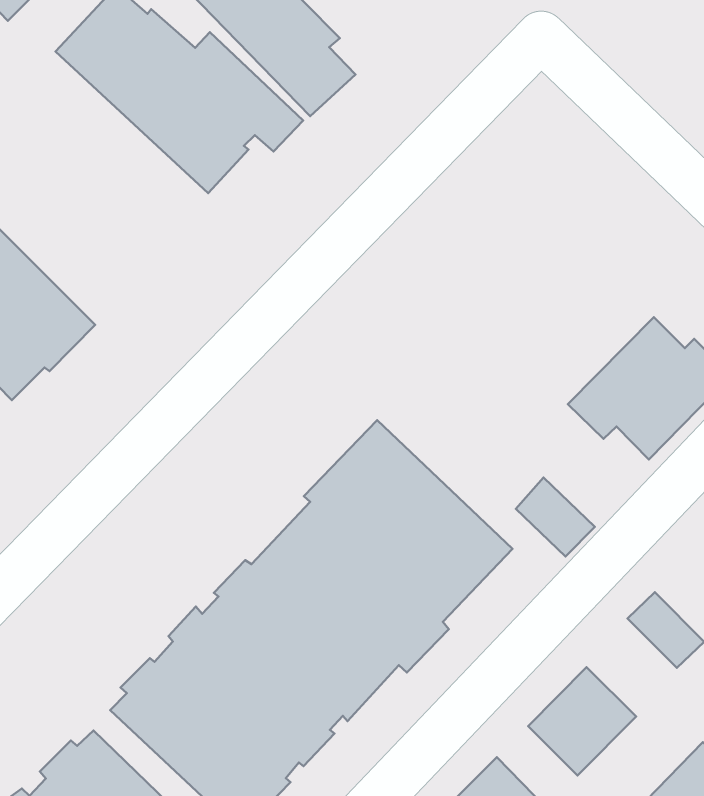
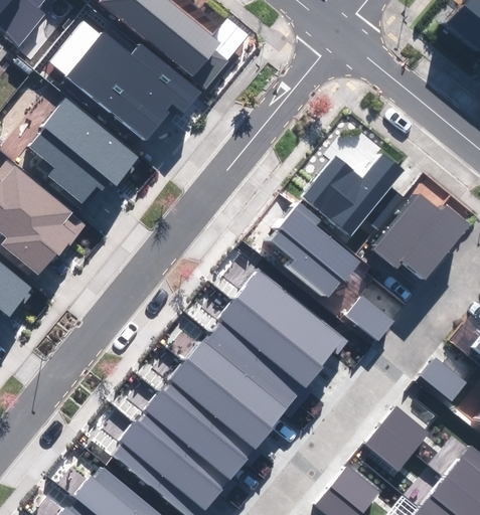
building: none -> [28,99,139,203]
building: none -> [301,154,404,235]
building: none -> [270,203,359,299]

